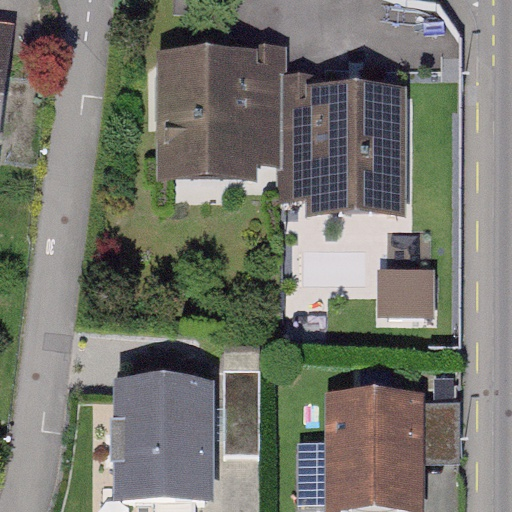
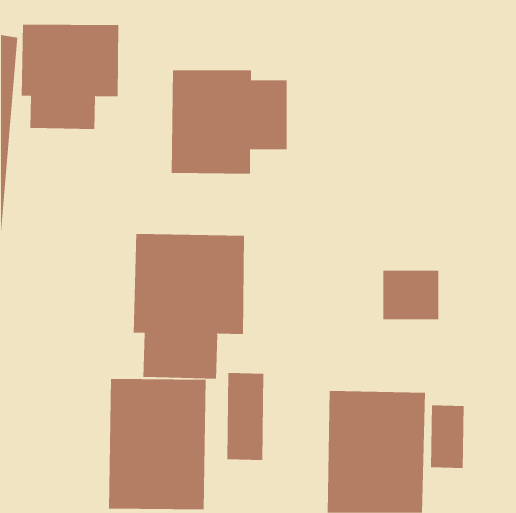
building: none -> [21,24,119,130]
building: [285,105,399,208] -> none
building: none -> [133,233,245,380]

